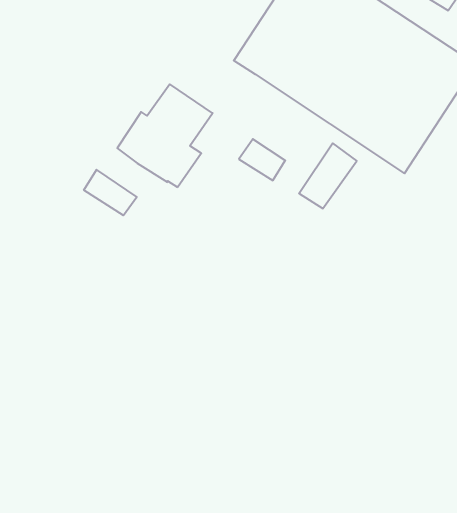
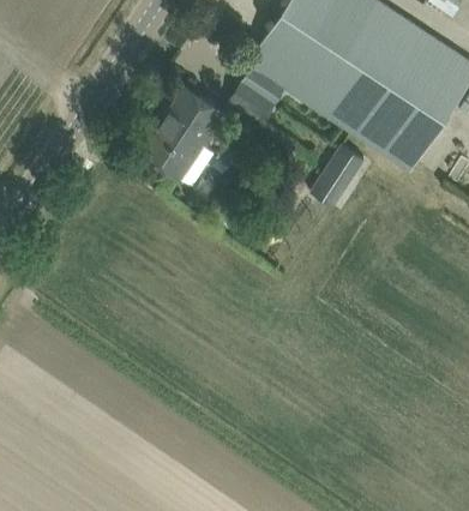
building: [239,139,285,180] -> [229,80,273,120]
building: [84,170,137,215] -> none

